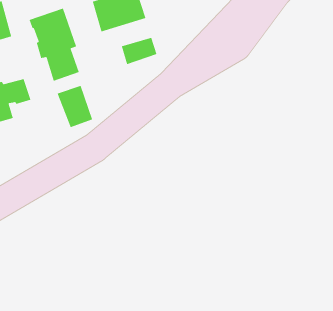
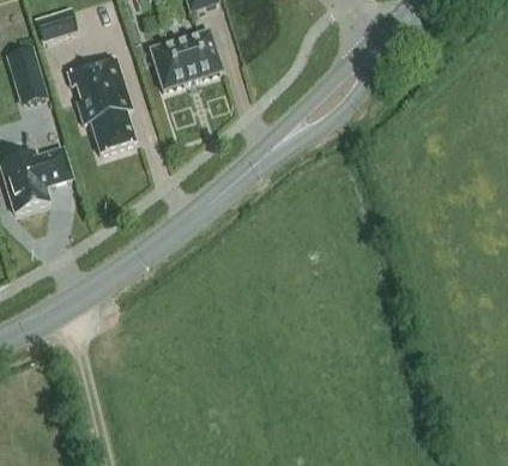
building: [121,37,157,65] -> none
building: [57,85,93,128] -> none

